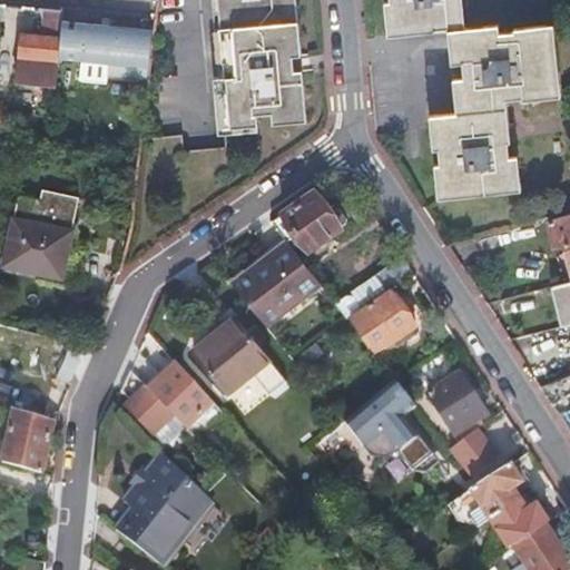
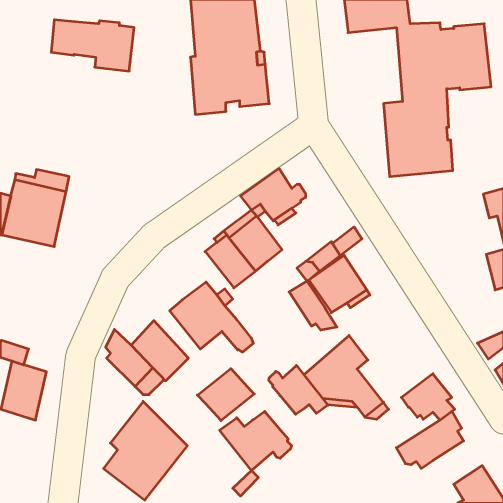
building: [17,9,63,89] -> none
building: none -> [289,281,337,330]
building: [428,374,485,434] -> none
building: none -> [269,365,328,414]
building: none -> [197,369,254,421]
building: none -> [220,411,292,470]
building: [490,498,549,549] -> none

